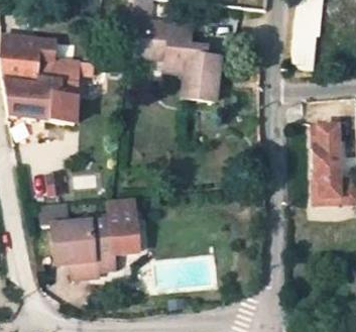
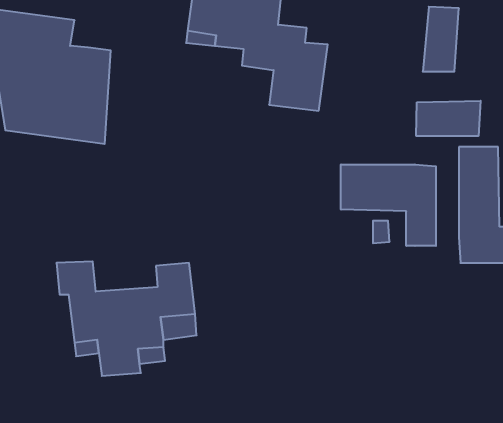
building: none -> [416,101,481,136]
building: none -> [341,164,436,246]

